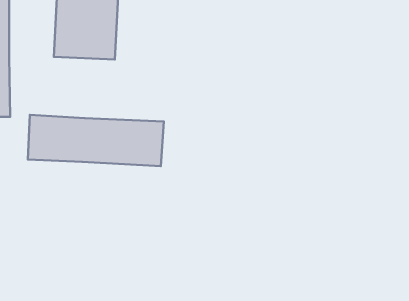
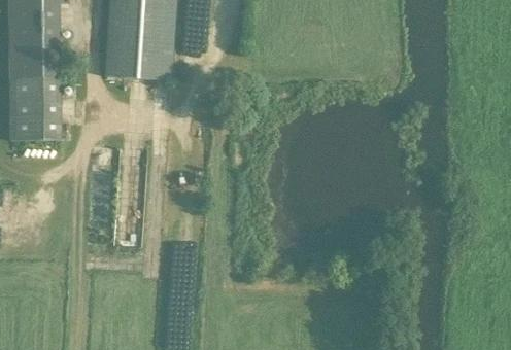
building: [28,115,164,166] -> none

